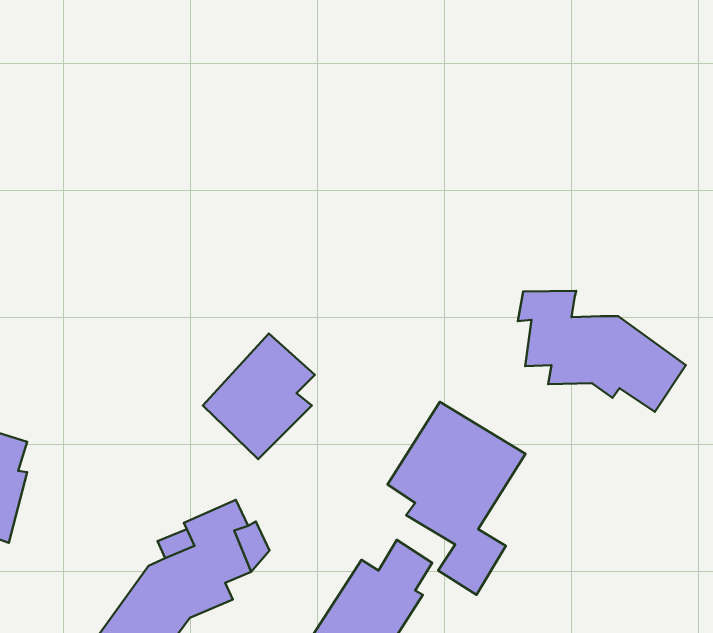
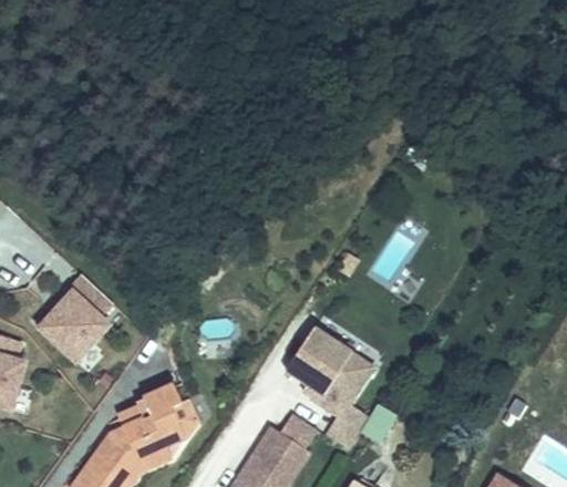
building: [518,291,686,412] -> none
building: [203,333,315,459] -> [32,276,113,366]

